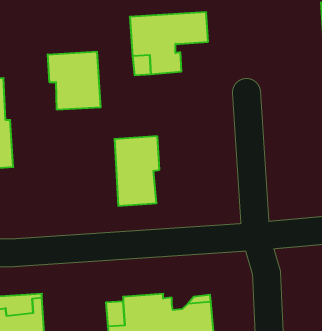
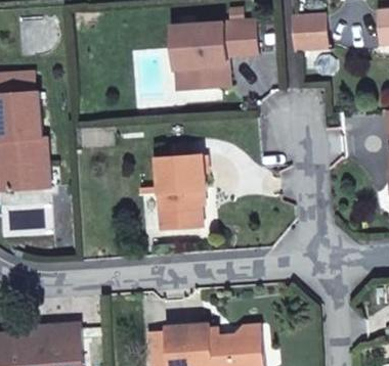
building: none -> [290,14,326,49]
building: [48,52,101,110] -> none

